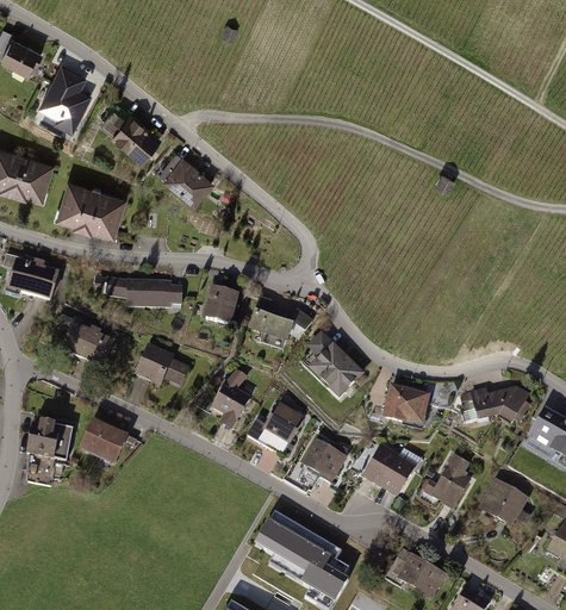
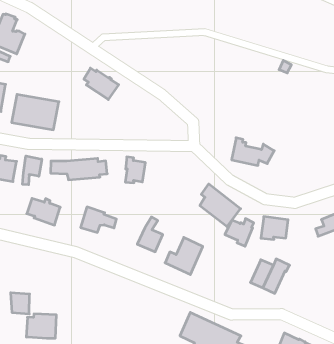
building: [104,106,157,158] -> none
building: none -> [23,156,42,185]
building: [250,298,311,340] -> [232,138,274,165]
building: [26,423,71,460] -> [26,314,56,338]
building: [85,425,122,459] -> none
building: [304,444,346,483] -> [225,219,254,246]
building: [433,458,467,508] -> none

